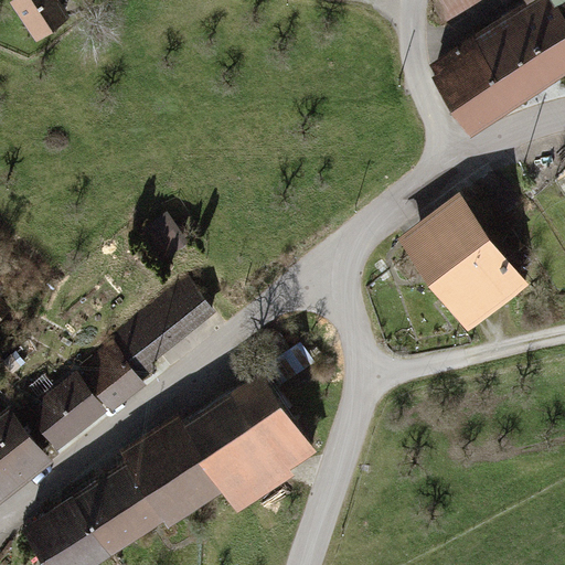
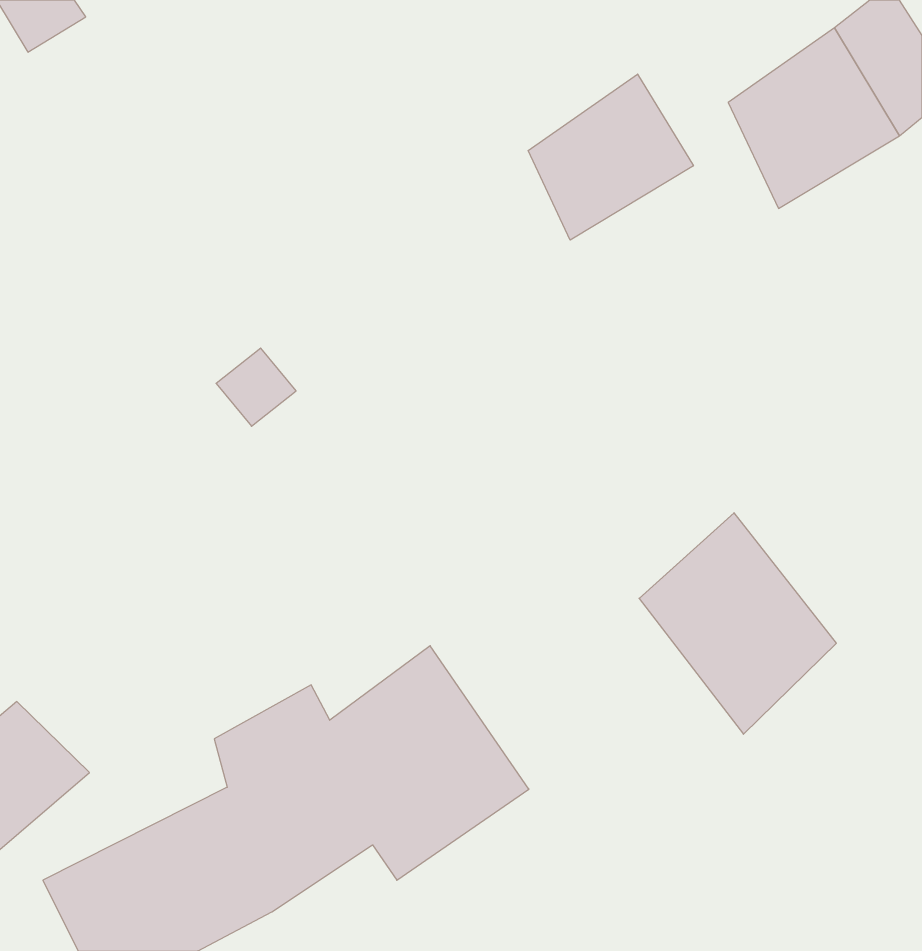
building: none -> [528,74,693,240]
building: [409,195,526,327] -> [639,513,836,734]
building: [38,285,218,439] -> none

